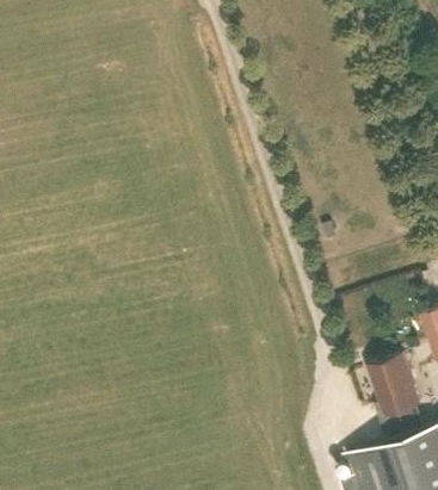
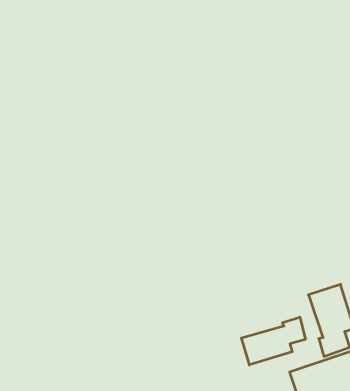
building: none -> [241,317,305,365]

